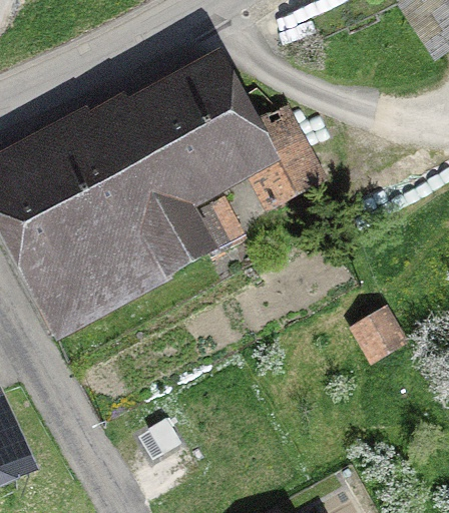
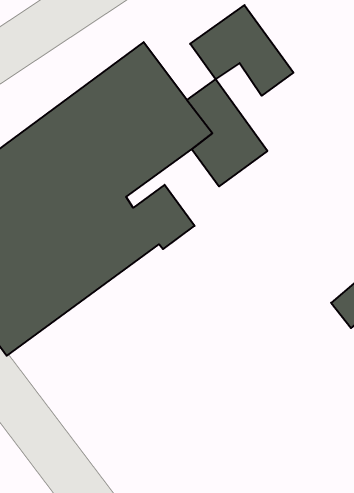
building: none -> [190,5,293,96]

